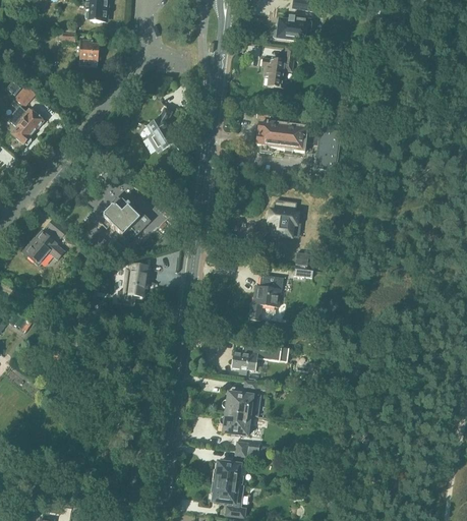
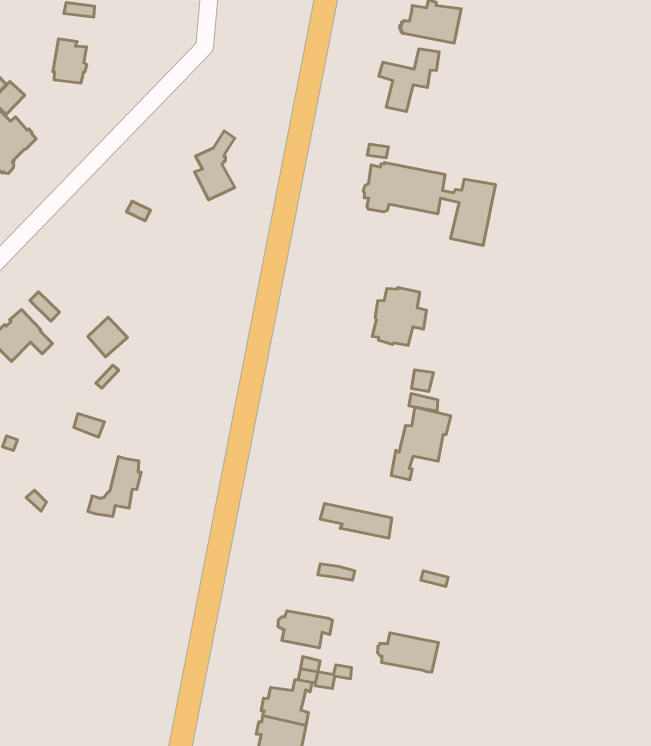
building: [78,39,100,66] -> [53,39,87,83]
building: [99,195,151,240] -> none
building: [116,263,149,301] -> [88,456,141,516]
building: [248,273,284,320] -> [391,407,451,480]
building: [232,350,256,373] -> none
building: [222,392,260,415] -> [377,633,439,672]

